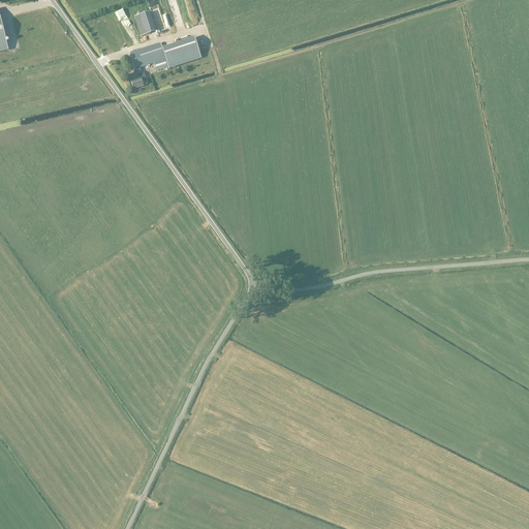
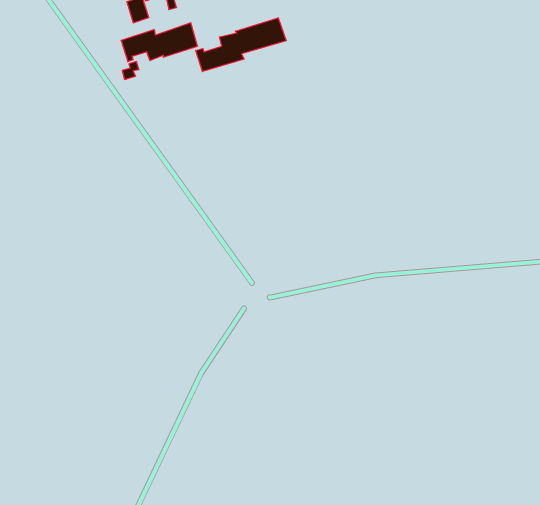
building: none -> [196,18,286,72]

